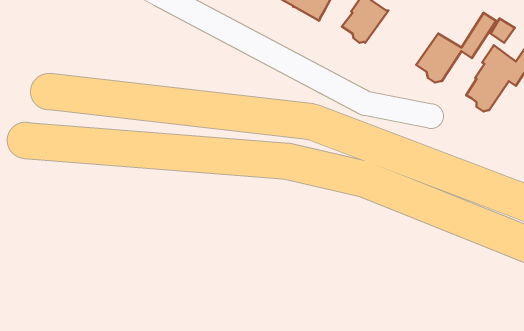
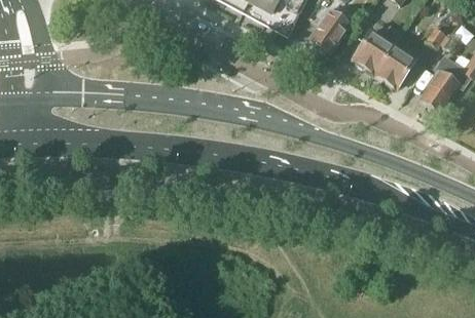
building: none -> [354,26,402,72]

